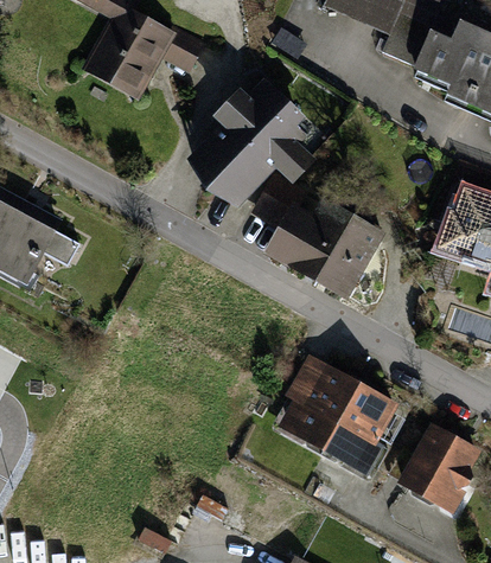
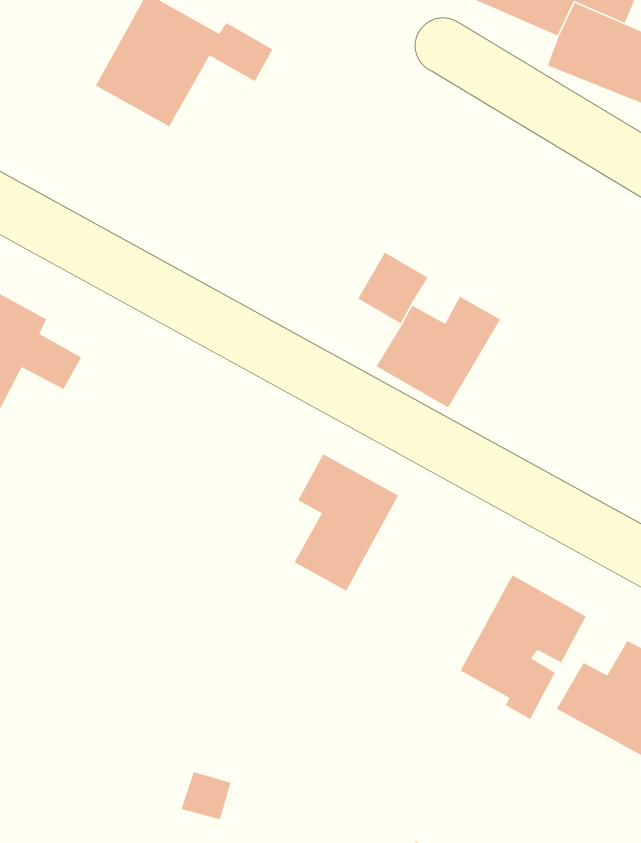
building: [200,89,310,194] -> none
building: [318,220,378,294] -> none
building: [291,359,359,449] -> [294,453,399,592]

